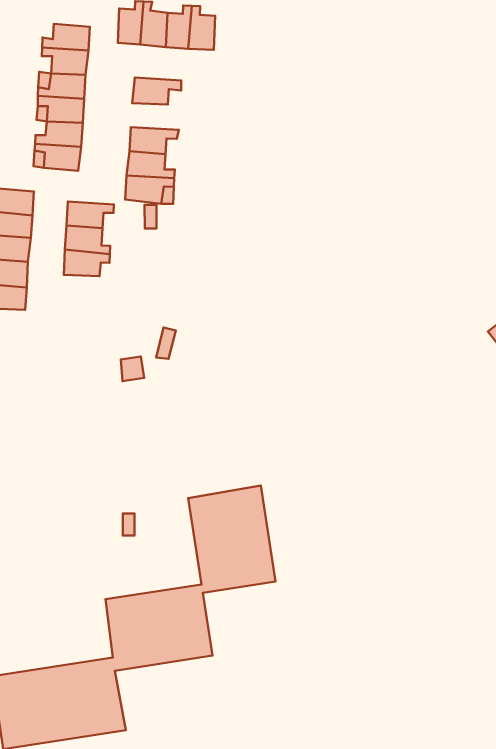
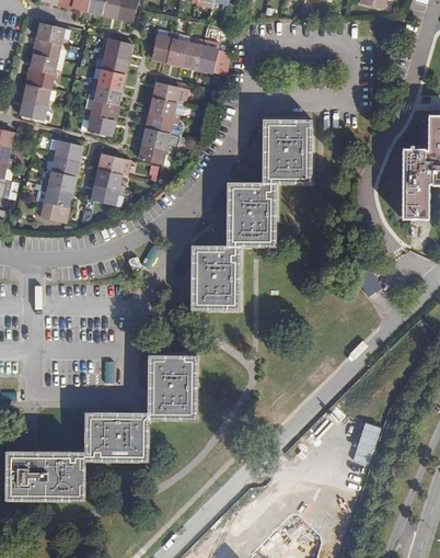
building: none -> [150,96,185,118]
building: none -> [190,125,310,314]

